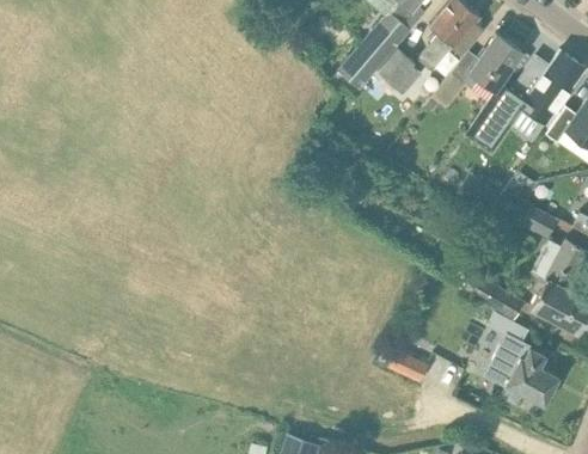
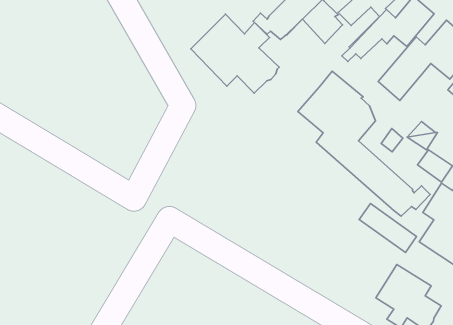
building: none -> [191,14,279,93]
building: none -> [298,71,430,216]
building: [386,349,428,382] -> none

